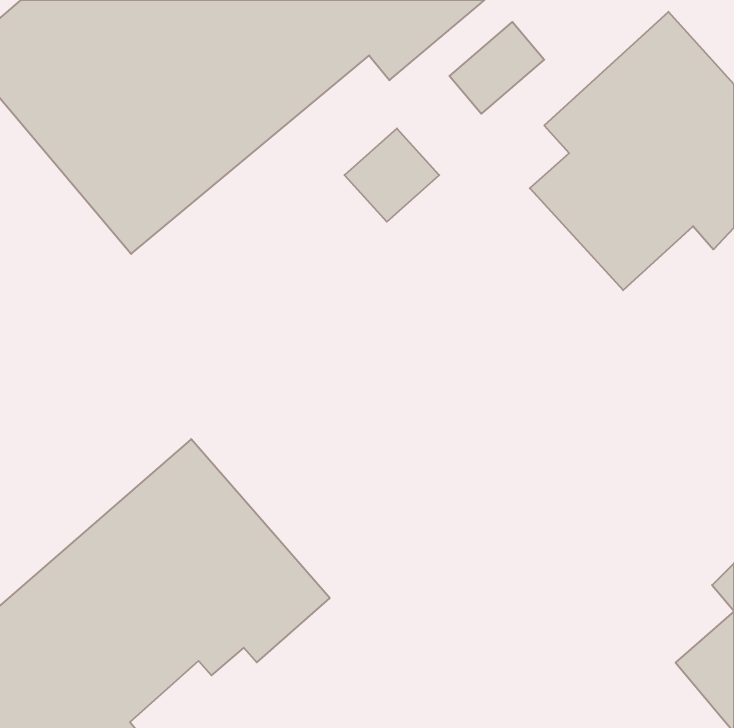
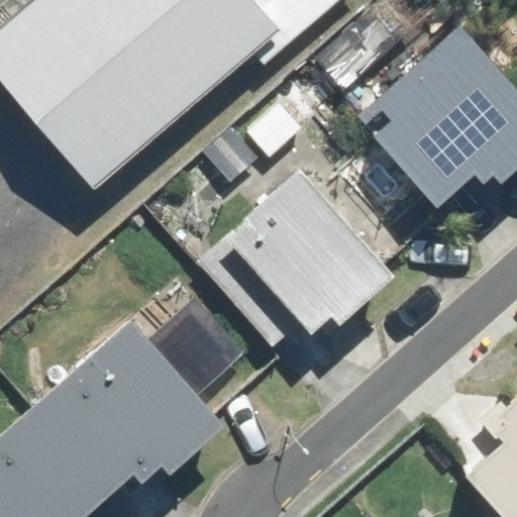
building: none -> [236,175,400,330]

